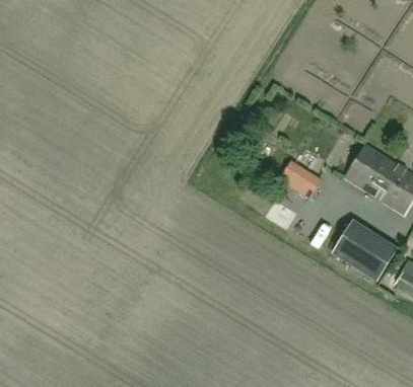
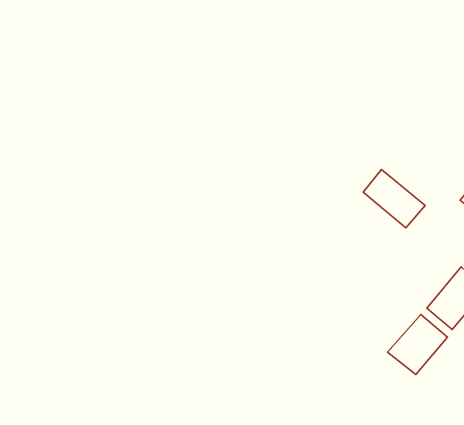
building: none -> [388,314,448,374]

